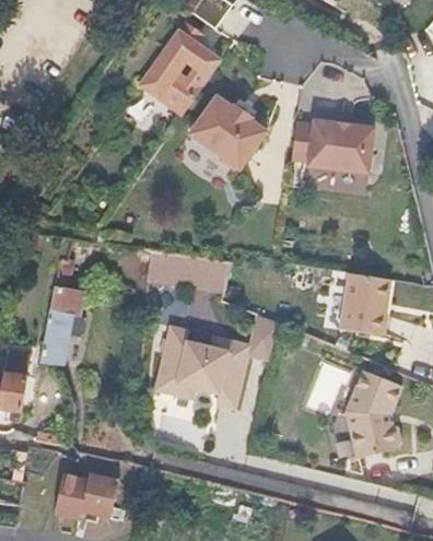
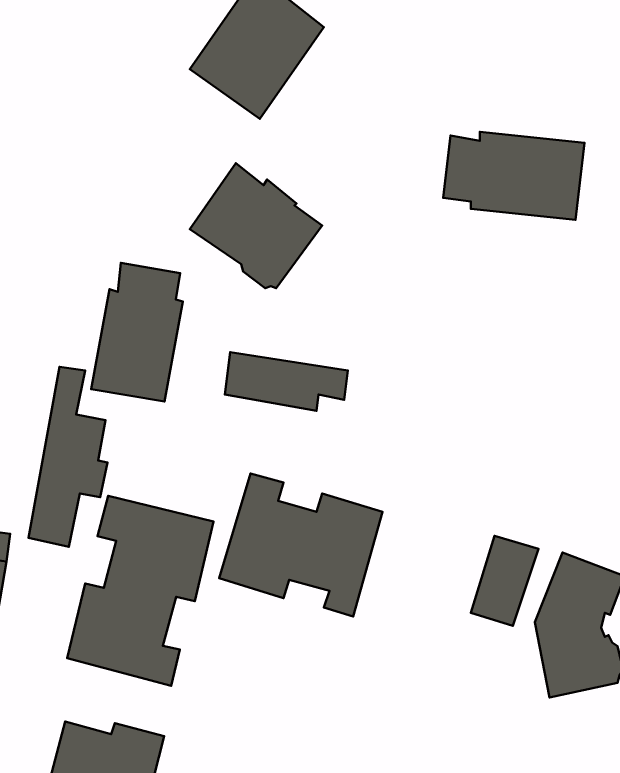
building: [187,93,266,167] -> [190,163,322,288]
building: none -> [91,263,183,401]
building: [340,270,389,336] -> none
building: none -> [67,496,214,686]

